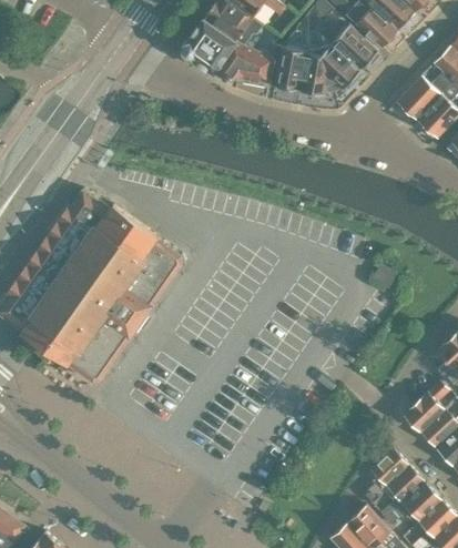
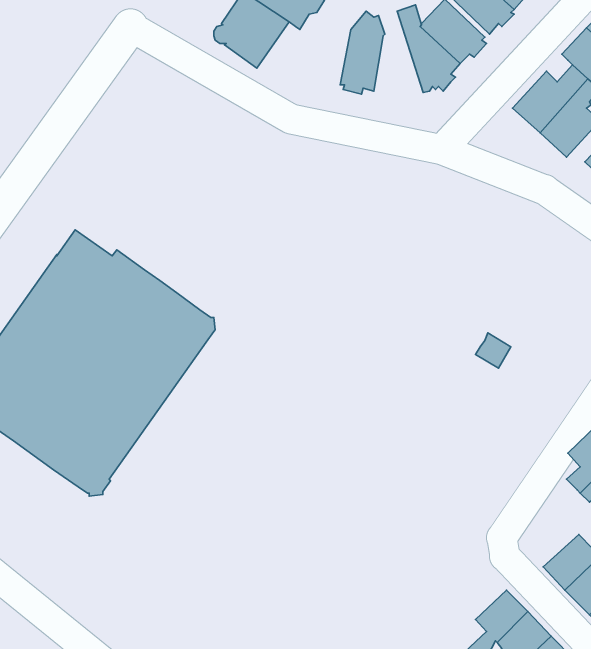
building: [297,32,333,98] -> none
building: [213,40,272,84] -> none
building: [404,380,448,433] -> none

